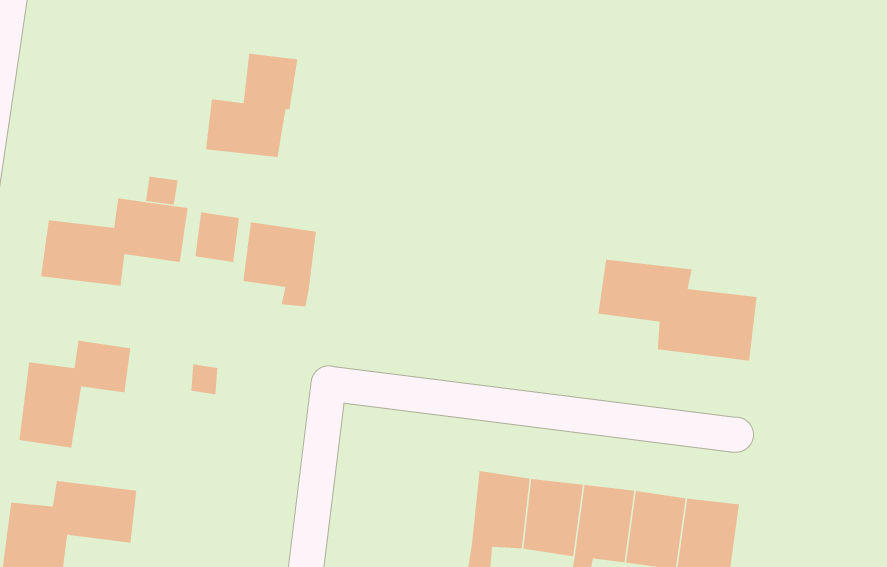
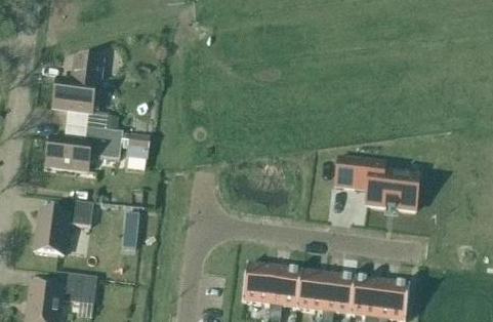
building: [205,53,298,158] -> [54,55,102,110]
building: [242,221,317,307] -> none
building: none -> [242,263,275,304]

